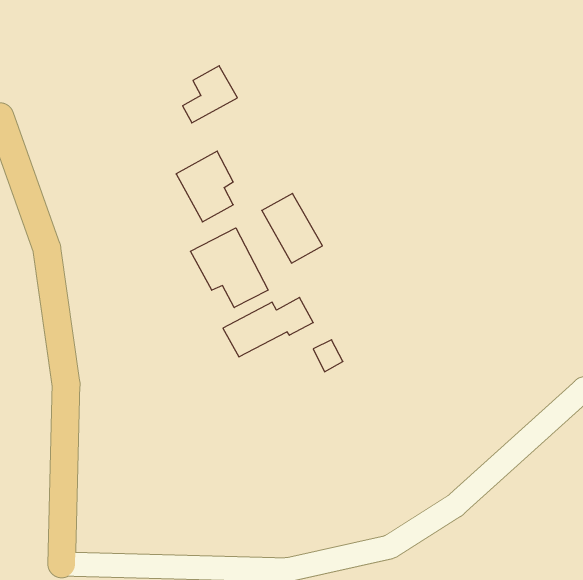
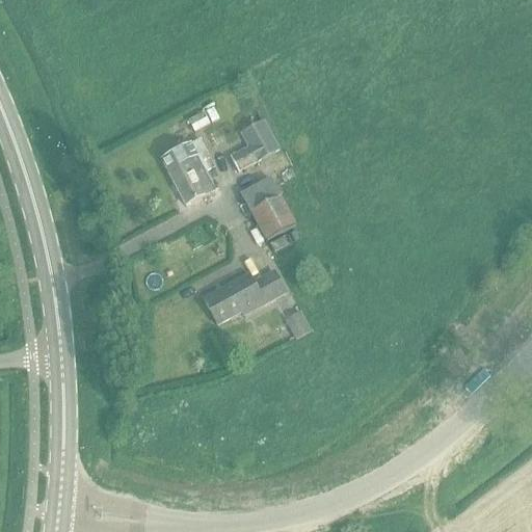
building: [183,66,237,123] -> [232,117,282,169]
building: [190,228,268,308] -> none

